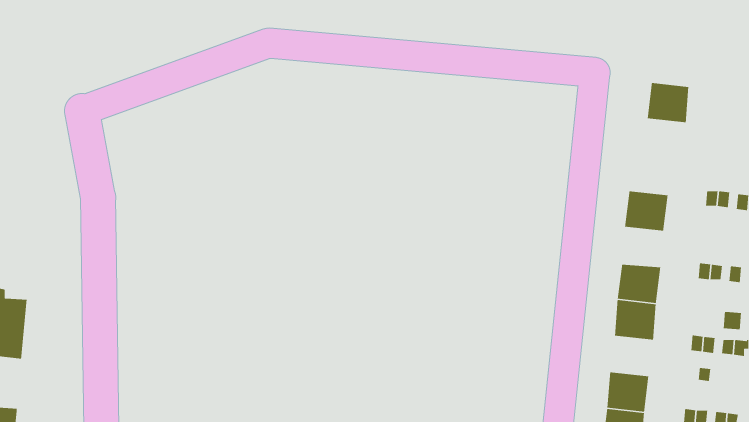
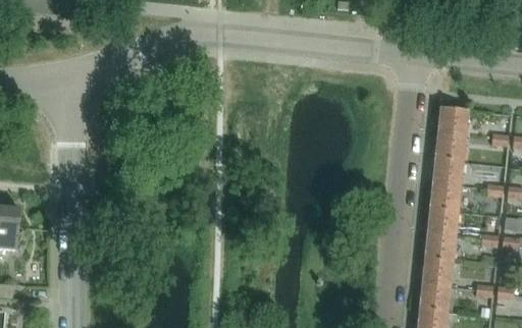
building: [647,82,689,123] -> [437,109,467,138]
building: none -> [432,160,462,187]
building: none -> [424,235,462,263]

